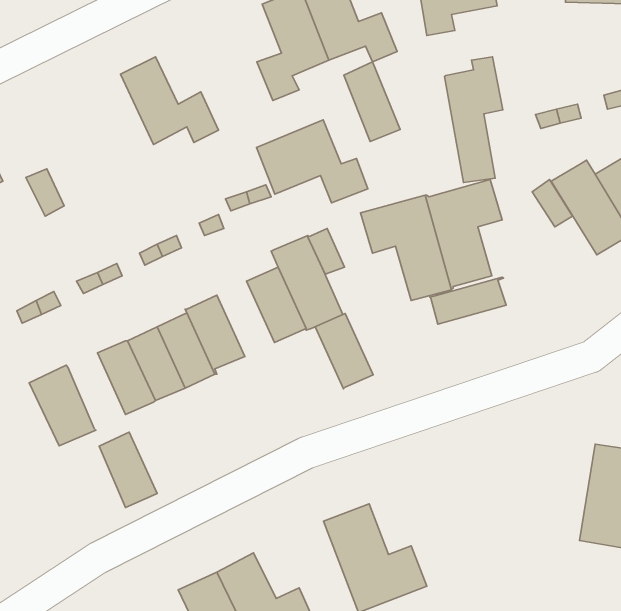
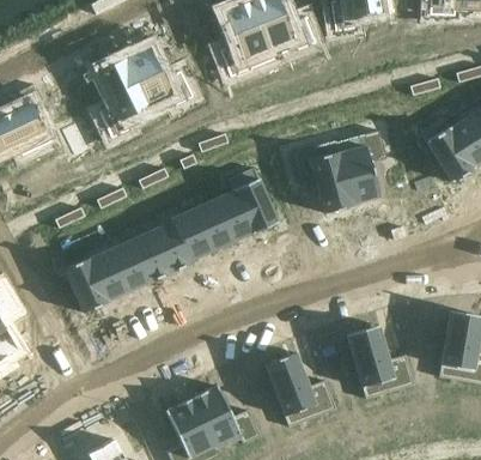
building: [445,57,503,182] -> none
building: [344,62,400,142] -> none
building: none -> [97,56,148,138]
building: [257,120,368,203] -> none
building: [430,277,506,324] -> none
building: [316,314,373,389] -> [191,199,231,250]
building: [99,432,157,507] -> [90,248,129,299]
building: none -> [346,323,413,398]

